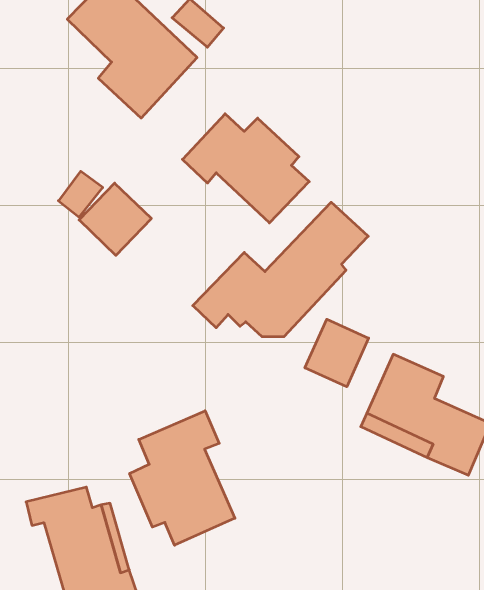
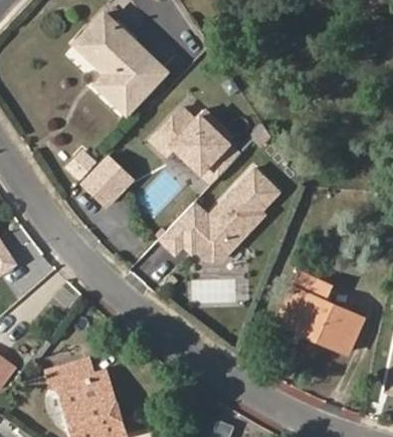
building: [305,319,369,387] -> none
building: [130,411,235,545] -> none

